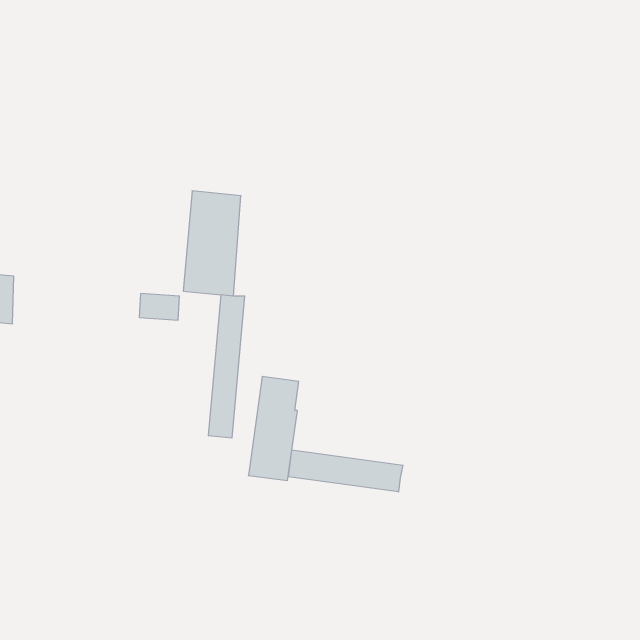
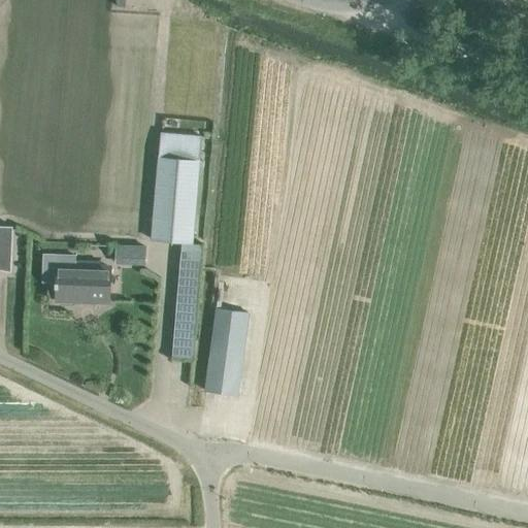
building: none -> [158,134,200,162]
building: none -> [52,256,109,303]
building: [288,450,403,492] -> none

